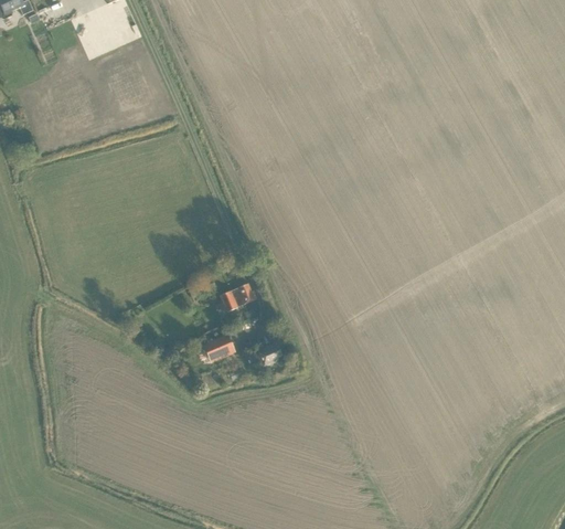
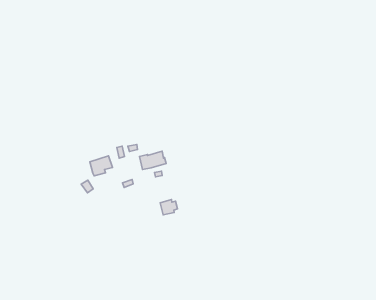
building: [202,334,233,363] -> [90,156,112,176]

